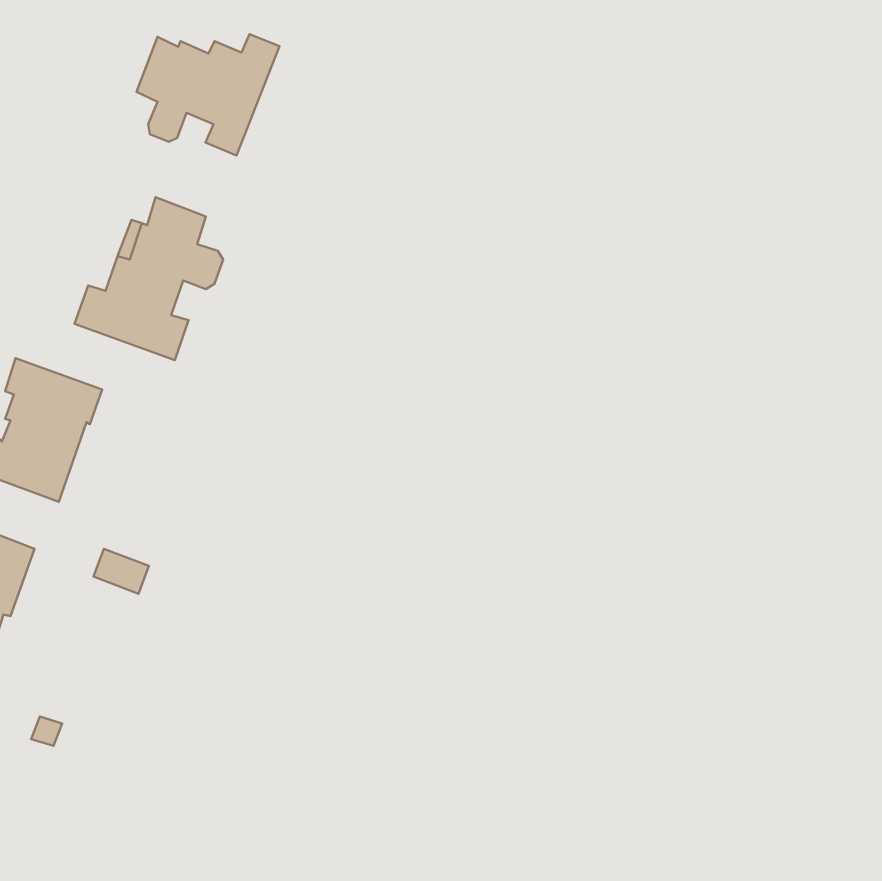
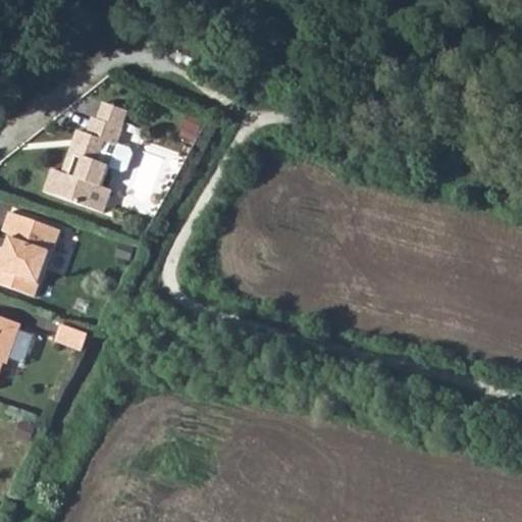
building: [136,34,279,156] -> none

